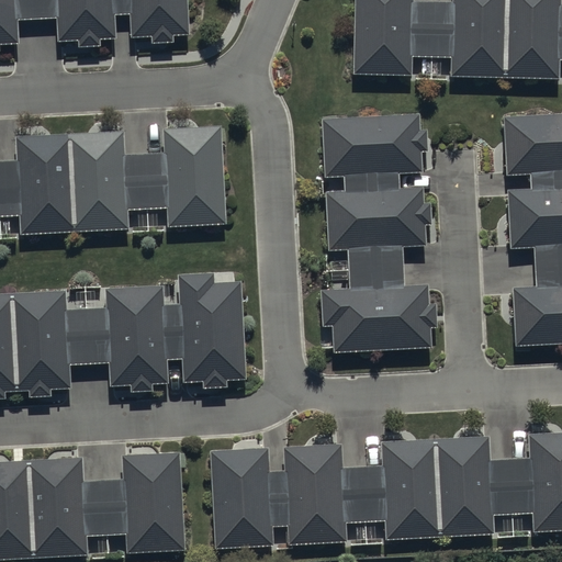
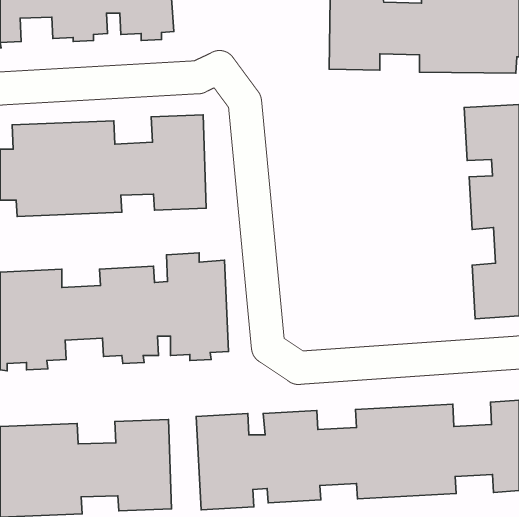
building: [322,112,439,350] -> none

